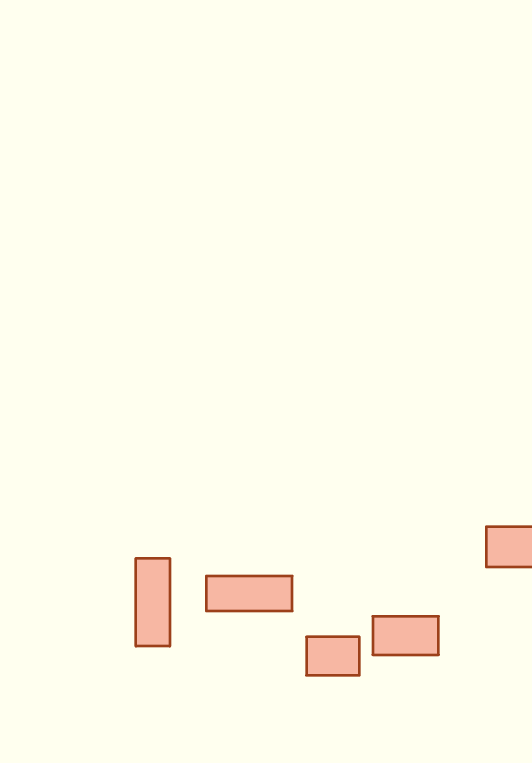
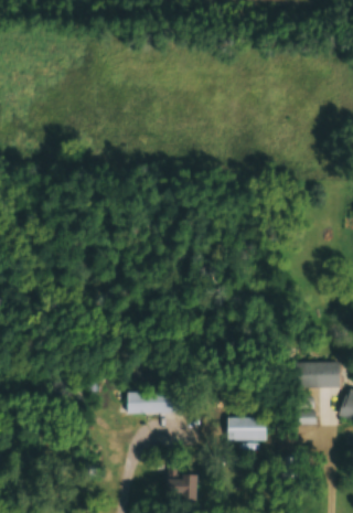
building: [136,558,170,646] -> none
building: [306,637,359,675] -> [162,475,194,499]

